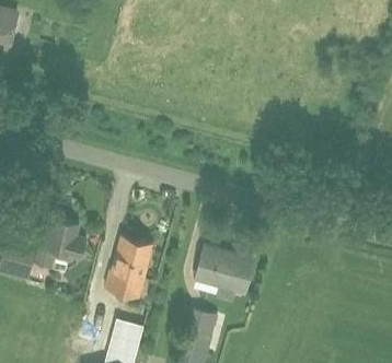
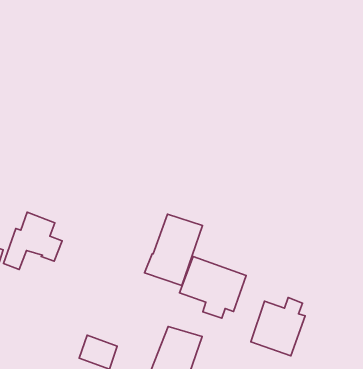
building: [106,234,154,296] -> [144,214,202,286]
building: none -> [251,298,305,356]

